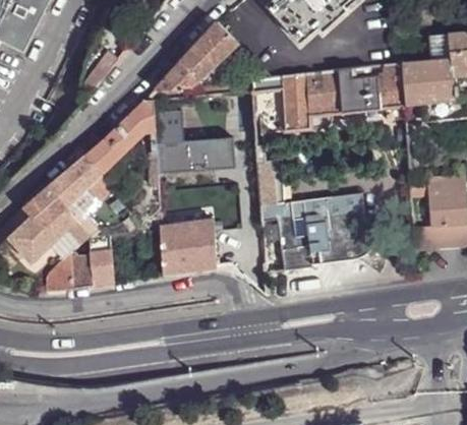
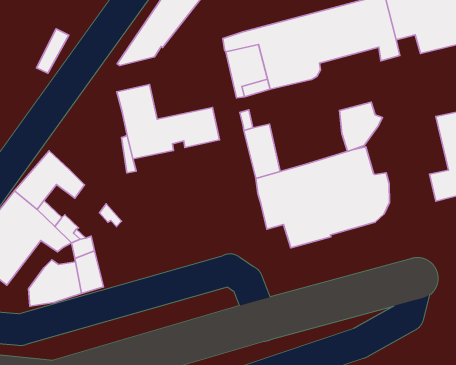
building: [83,105,143,175] -> none
building: none -> [339,102,382,152]
building: [160,221,216,275] -> none

